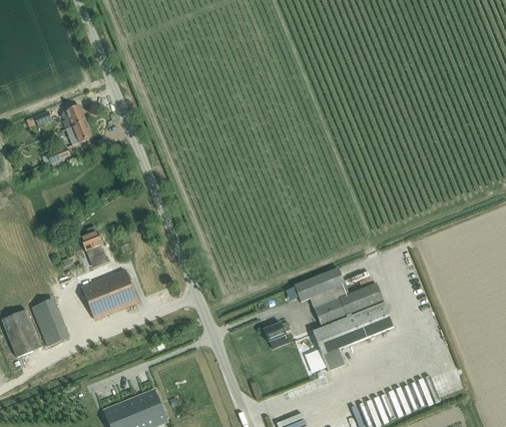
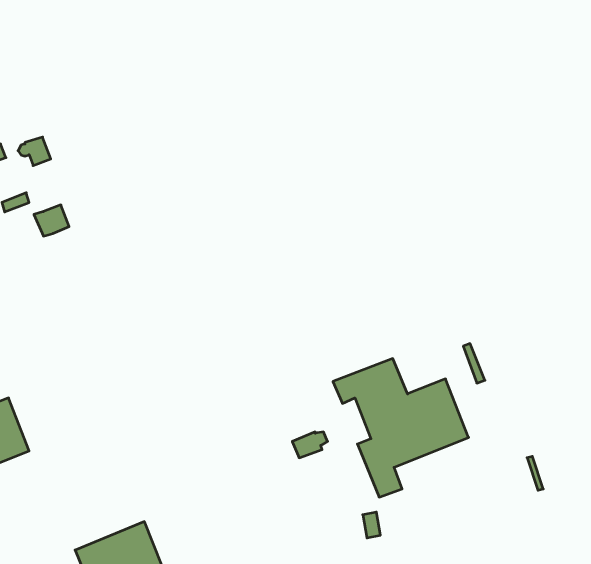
building: [65,120,91,143] -> [34,205,69,236]
building: [80,225,103,262] -> none
building: [81,269,137,319] -> none

